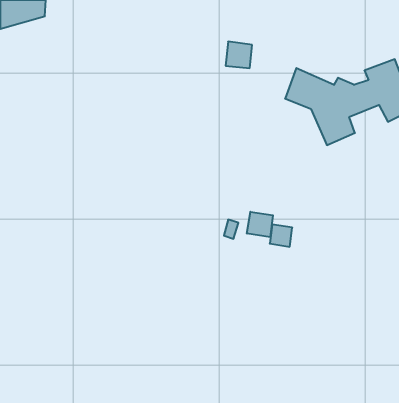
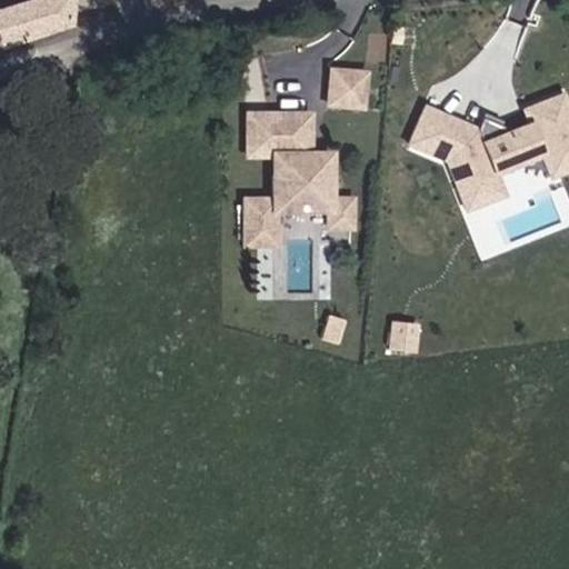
building: none -> [248,113,356,243]
building: [247,212,273,237] -> none

